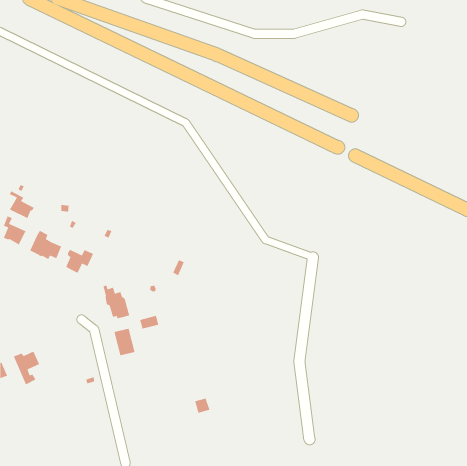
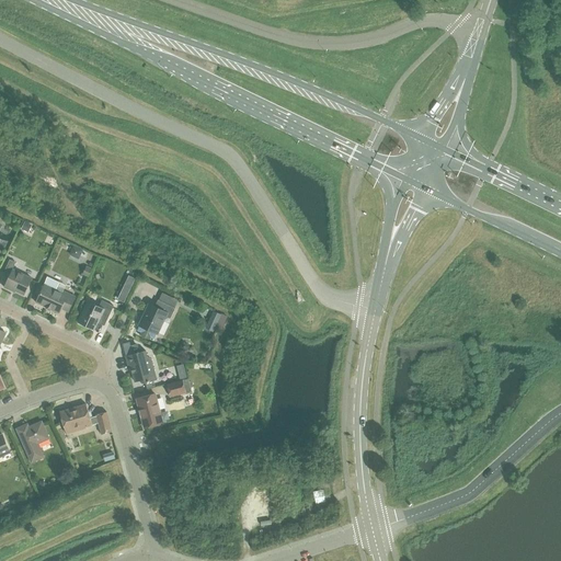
building: [9,190,35,219] -> none
building: none -> [137,298,174,339]
building: none -> [59,402,111,433]

